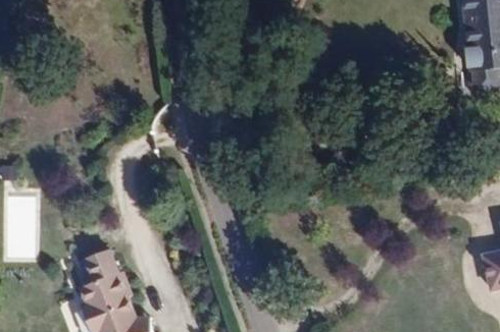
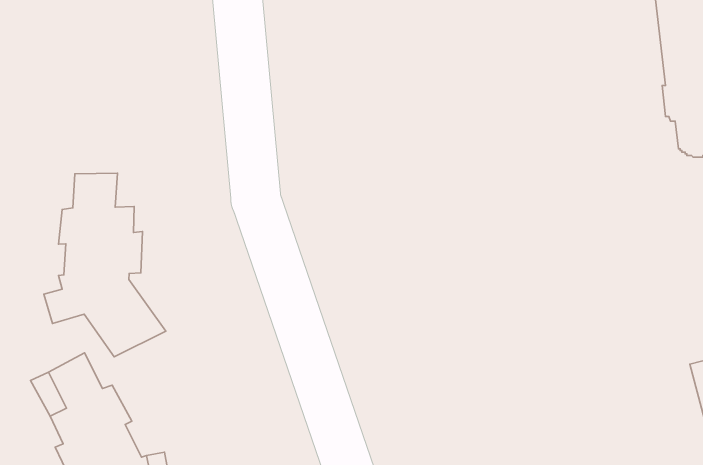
building: none -> [44,173,166,357]

